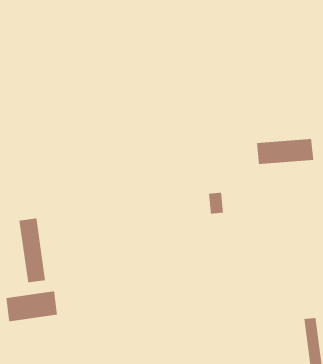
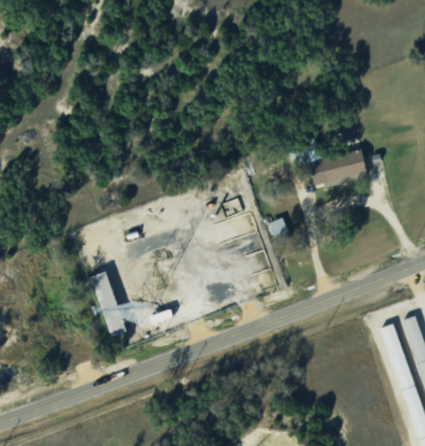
building: [6,291,58,322] -> none

